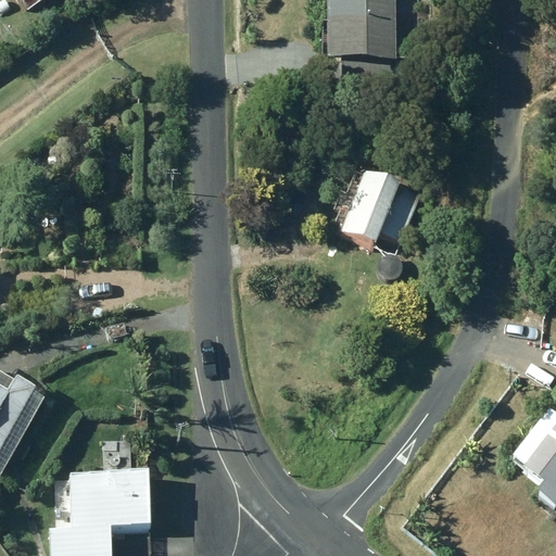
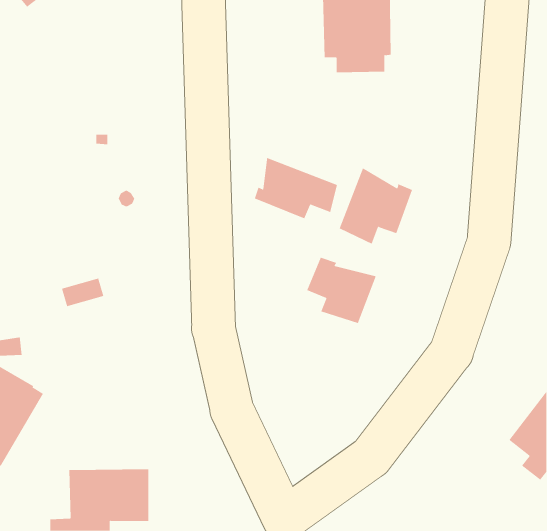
building: none -> [254,157,338,219]
building: none -> [307,257,376,324]

